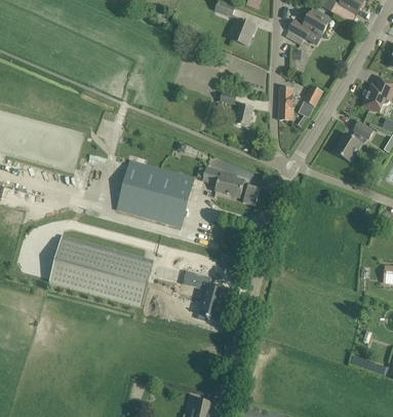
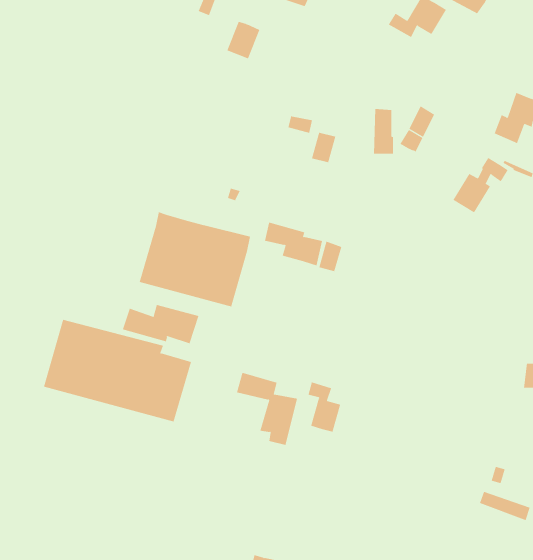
building: [231,18,254,45] -> [226,21,260,59]
building: none -> [122,304,199,344]
building: none -> [308,382,341,432]

